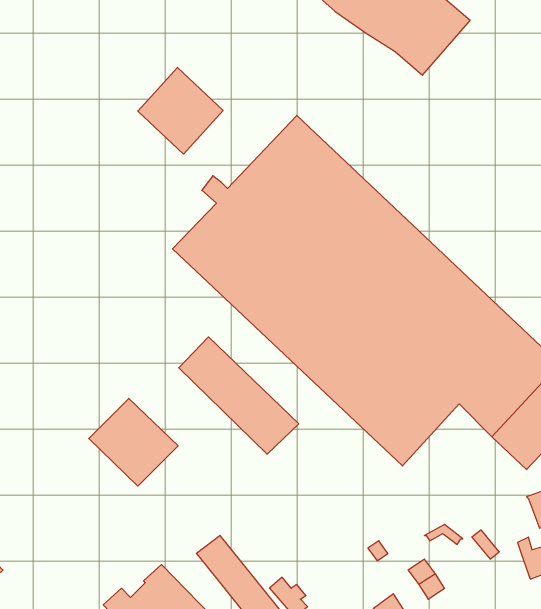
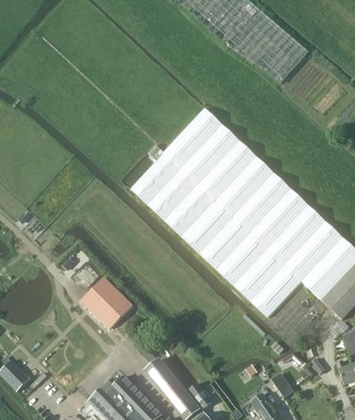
building: [138,67,223,154] -> none
building: [179,337,299,454] -> none

